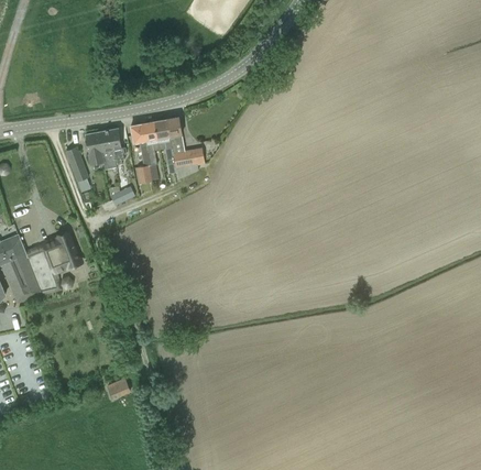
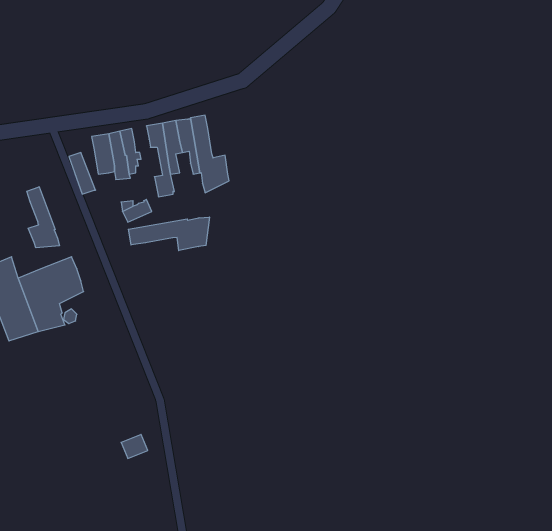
building: none -> [27,187,59,248]
building: none -> [128,217,209,251]

